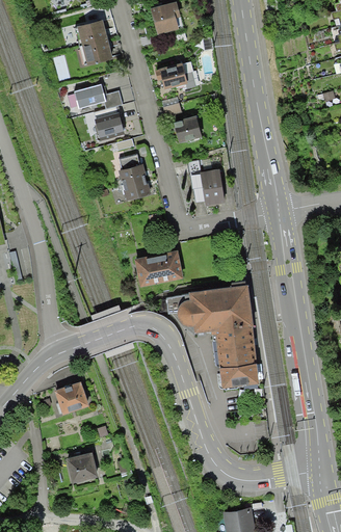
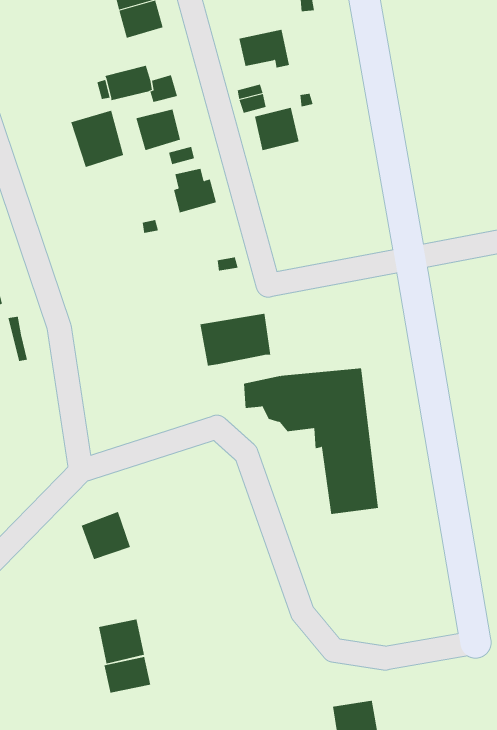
building: none -> [70,110,124,168]
building: [186,159,227,205] -> none
building: [123,177,152,198] -> none
building: none -> [104,656,151,694]

